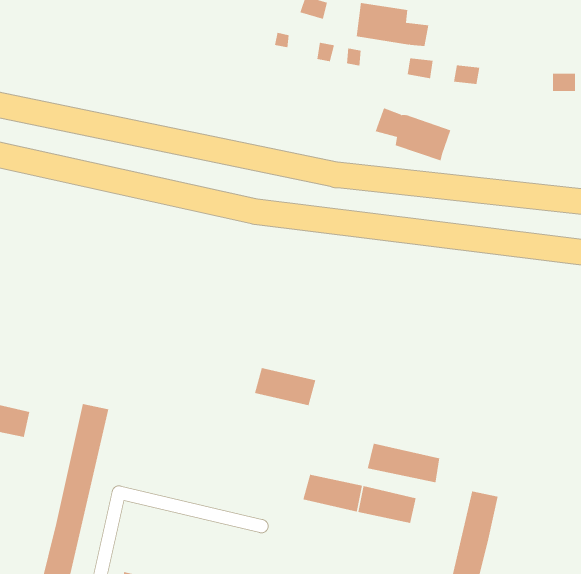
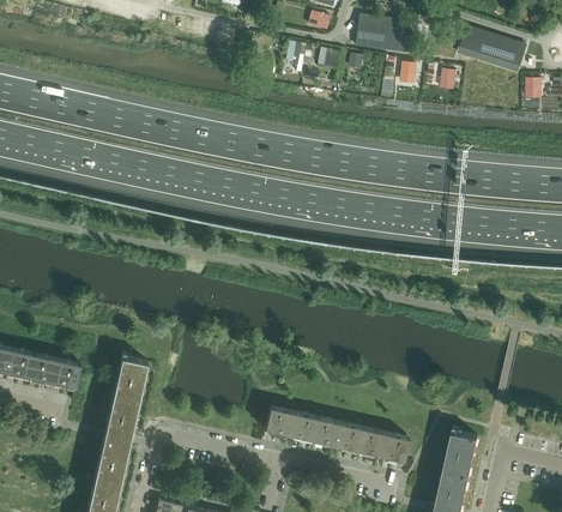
building: [375,108,451,161] -> [460,26,525,72]
building: [254,368,316,406] -> [264,405,316,438]
building: [367,443,440,483] -> none

